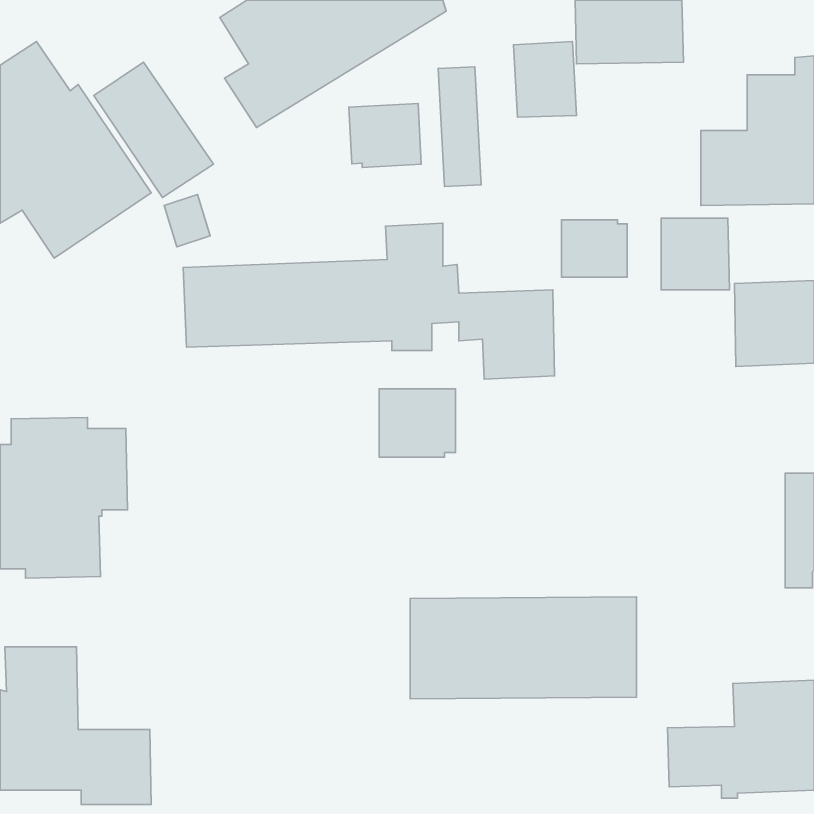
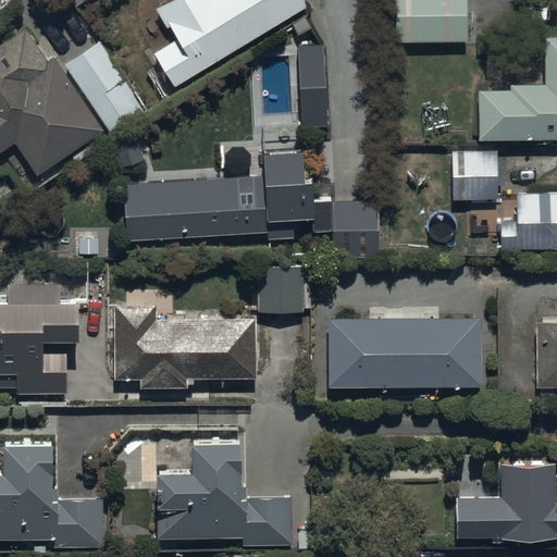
building: [514,42,576,117] -> none
building: [349,103,421,168] -> none
building: [561,220,627,277] -> none
building: none -> [113,305,257,388]
building: [410,597,637,699] -> [326,319,481,388]
building: none -> [158,441,293,547]

